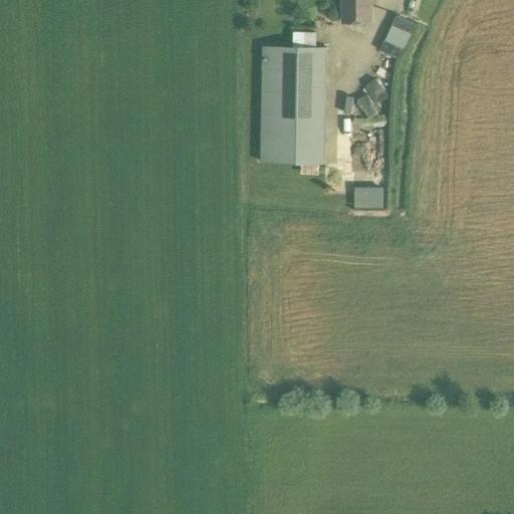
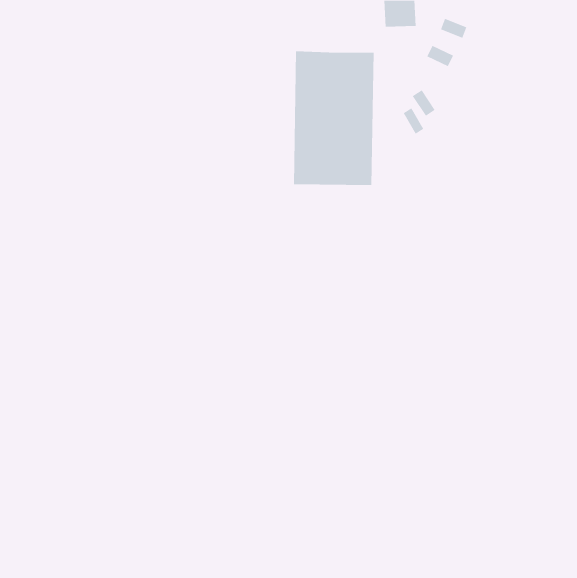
building: [354,184,383,204] -> none

